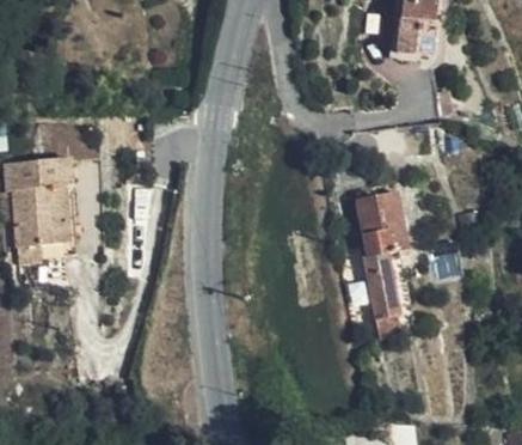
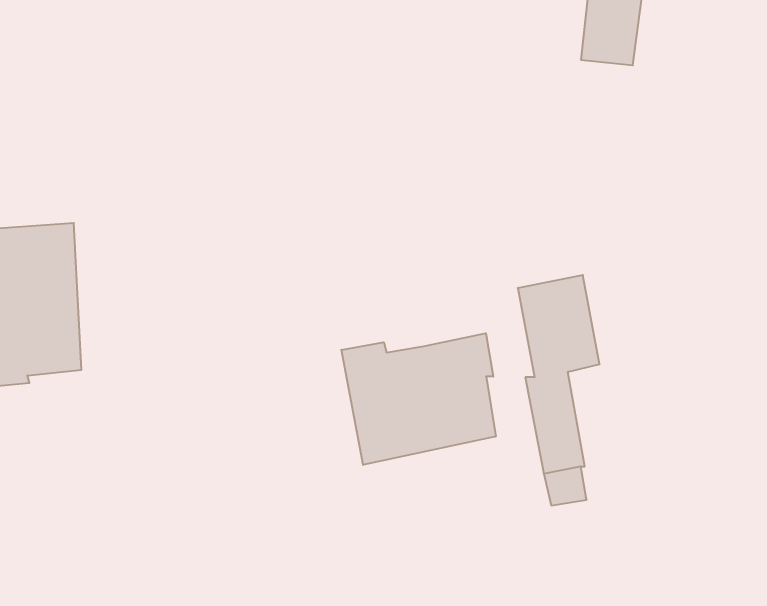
building: none -> [341,333,496,465]

